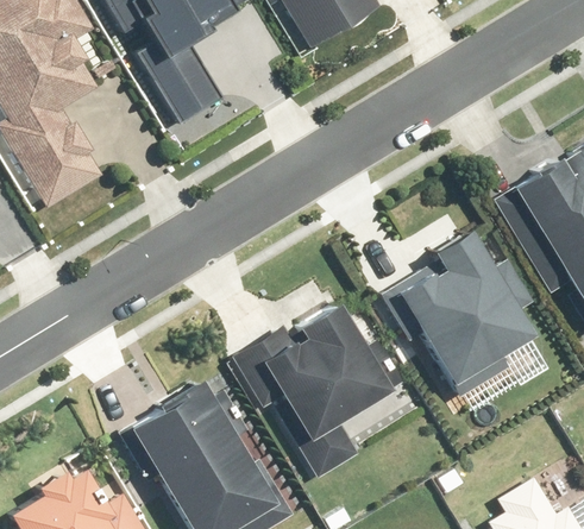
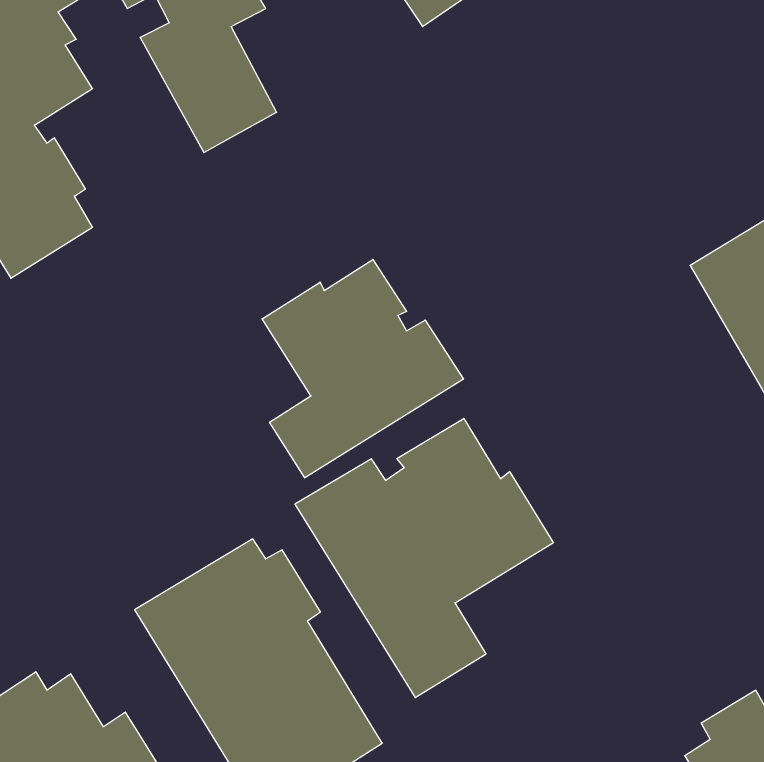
building: none -> [262,259,463,478]
building: [394,232,529,397] -> none

